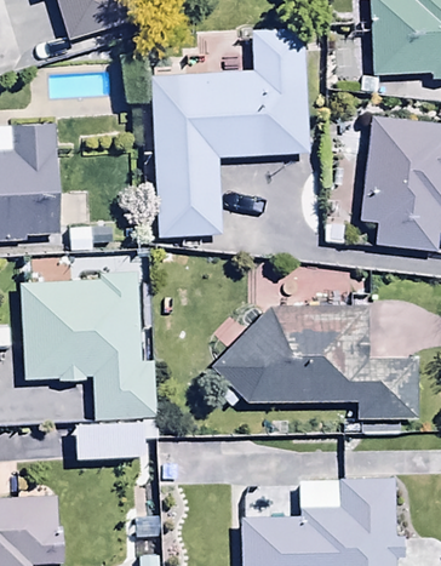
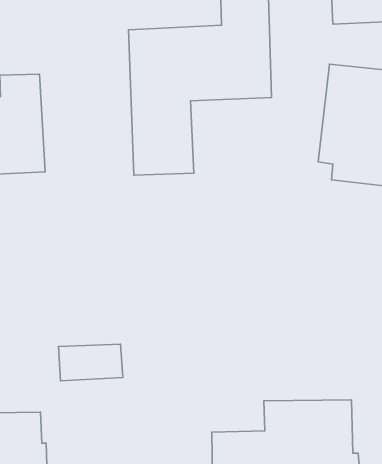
building: [21,273,156,418] -> none
building: [211,307,417,417] -> none

